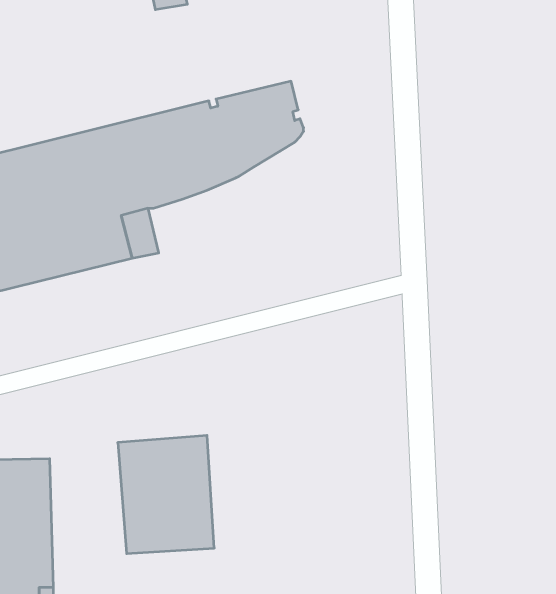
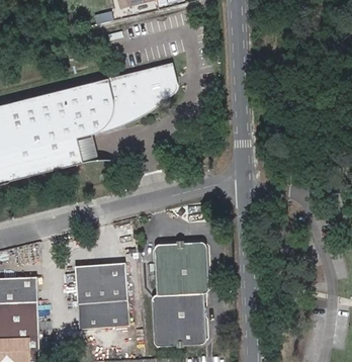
building: none -> [152,243,209,347]

